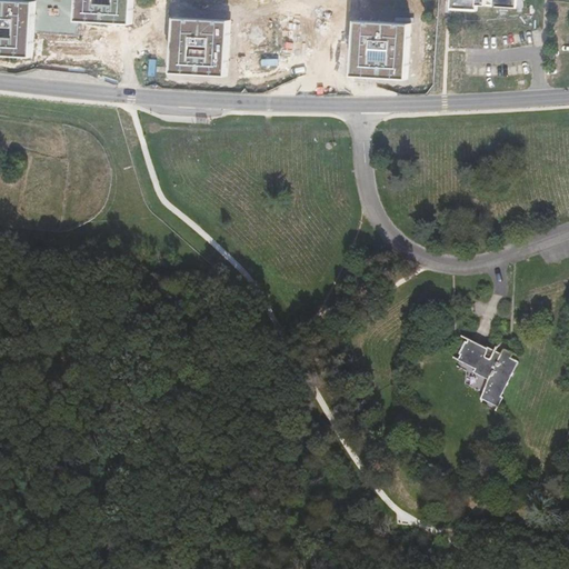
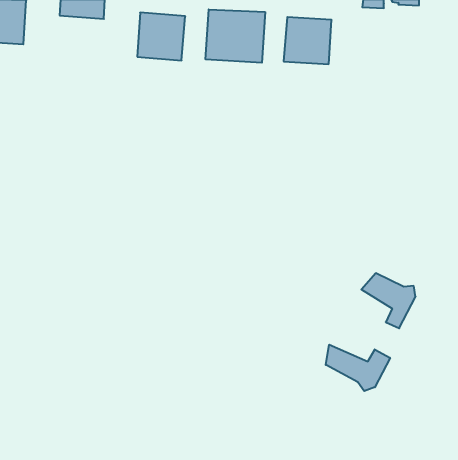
building: none -> [206,9,265,63]
building: none -> [326,345,390,391]

